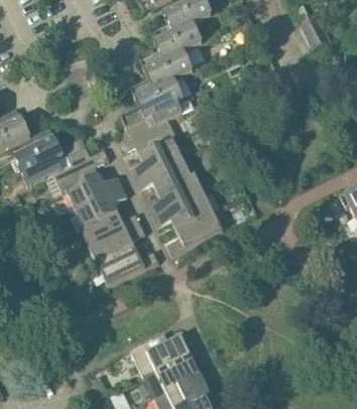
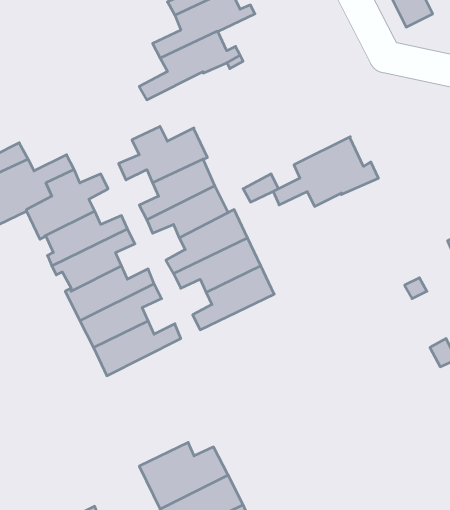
building: [122,79,194,126] -> [273,137,378,206]

